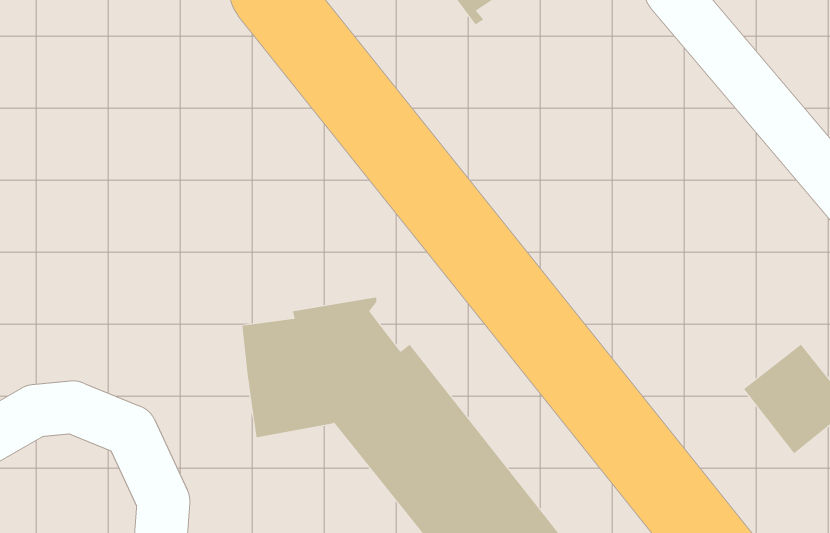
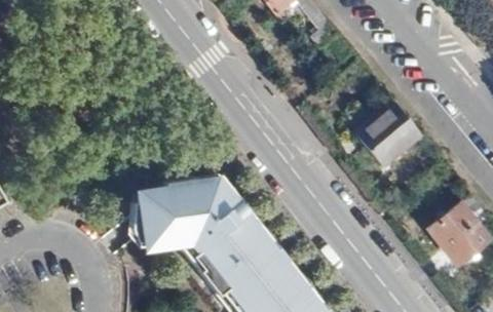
building: none -> [355,99,421,163]

